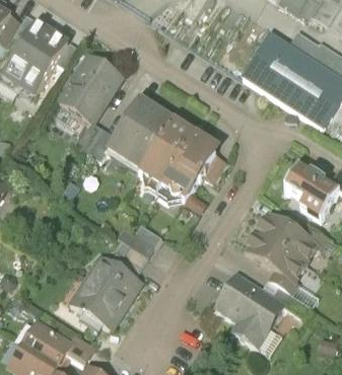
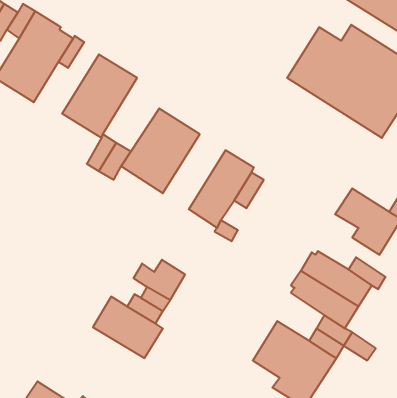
building: [142,121,194,182] -> none
building: [70,280,127,329] -> none

